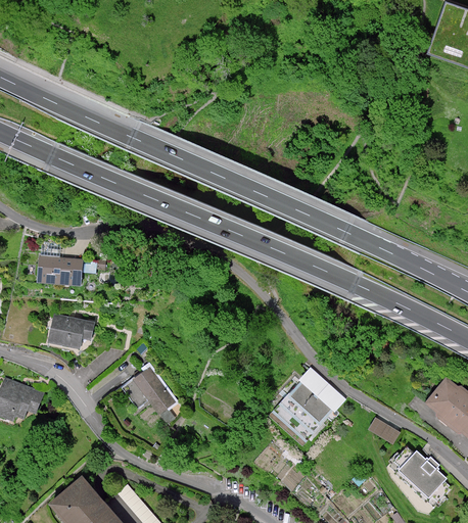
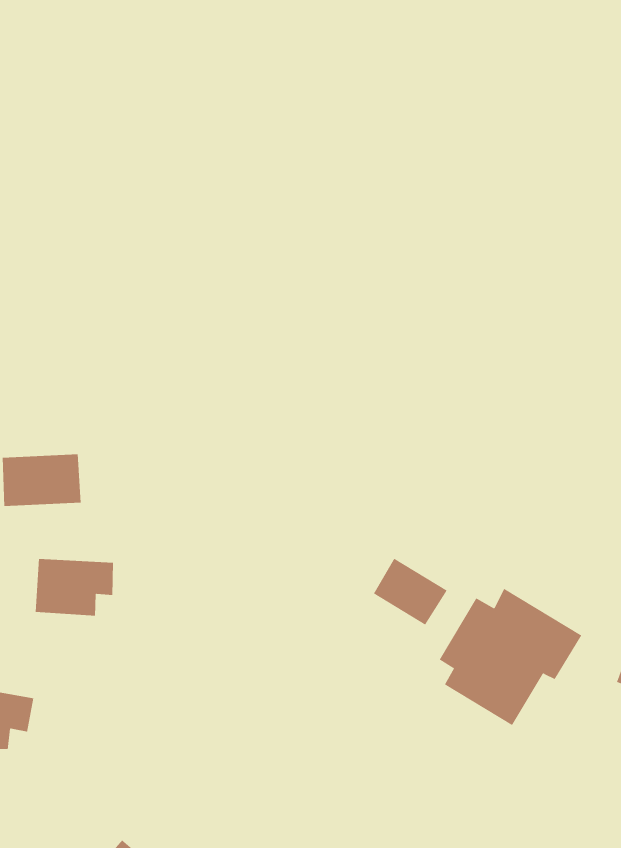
building: none -> [373,558,448,626]
building: [121,367,181,417] -> none

